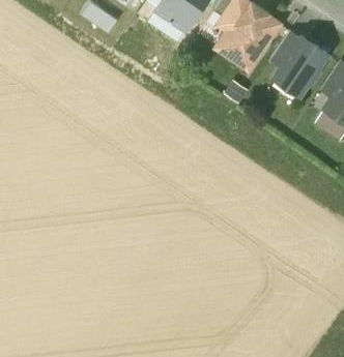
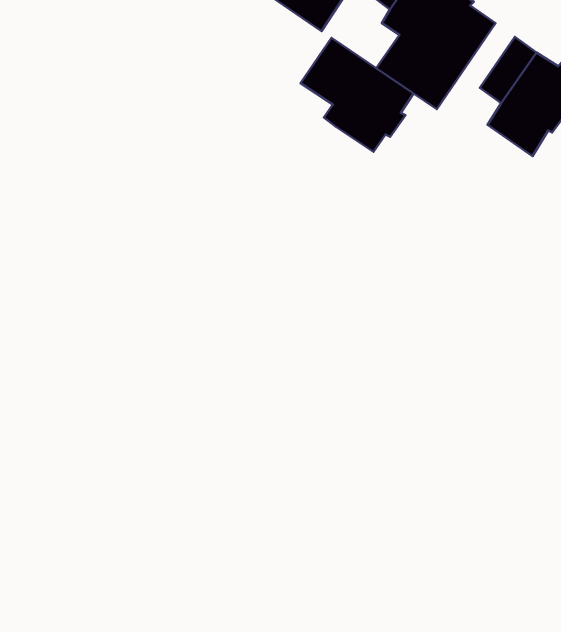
building: none -> [301,38,414,152]

